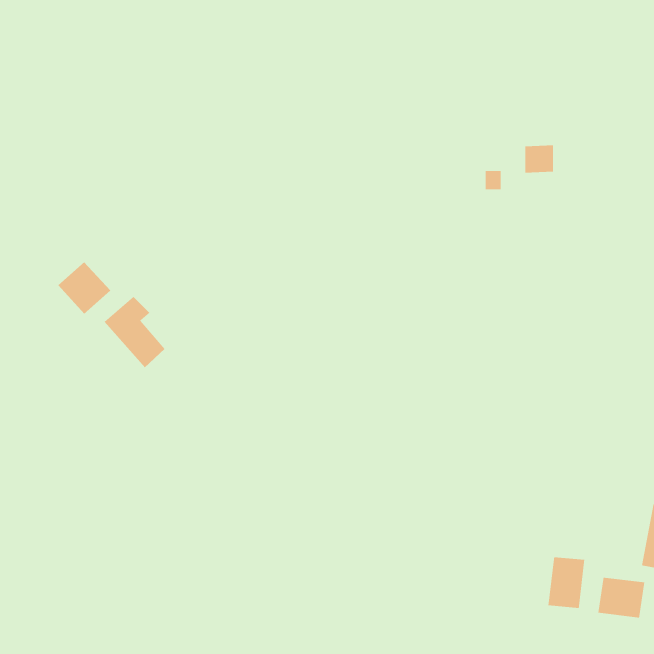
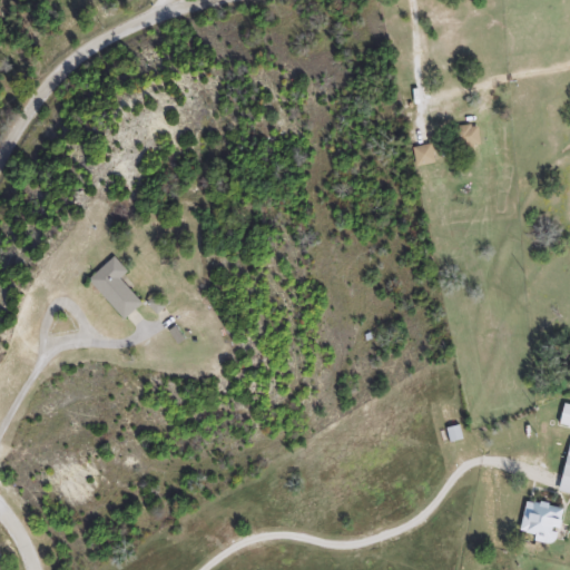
building: [57,261,111,314] -> none
building: [548,556,585,609] -> none

